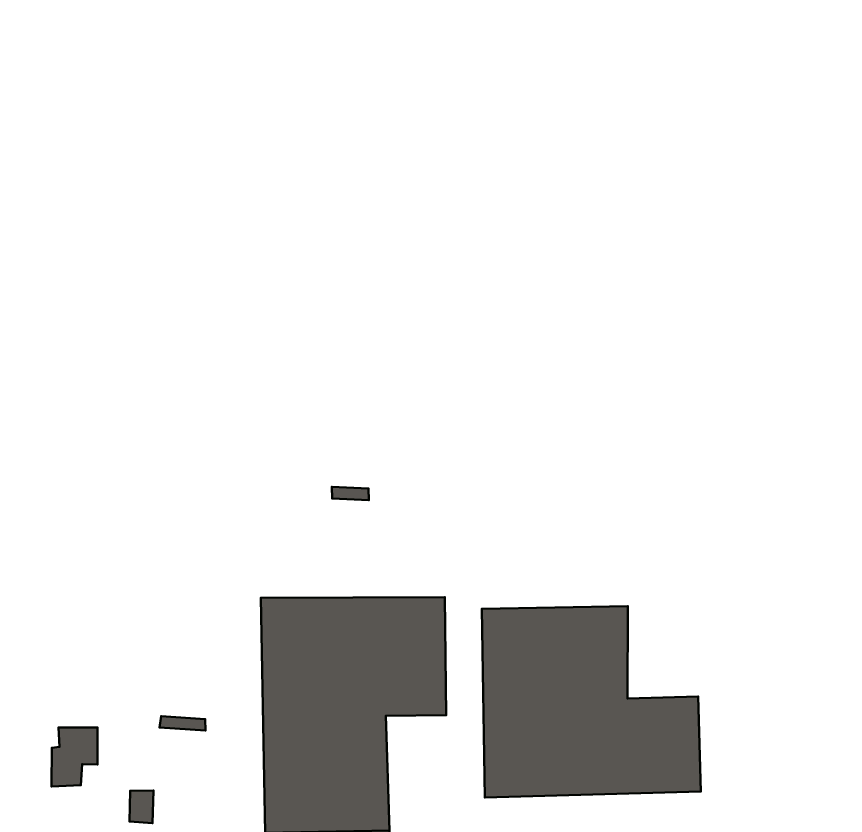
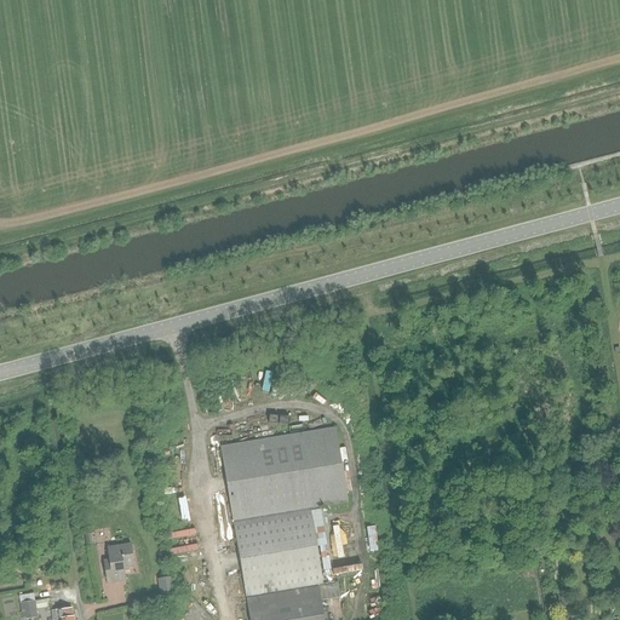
building: [482,606,701,797] -> none

